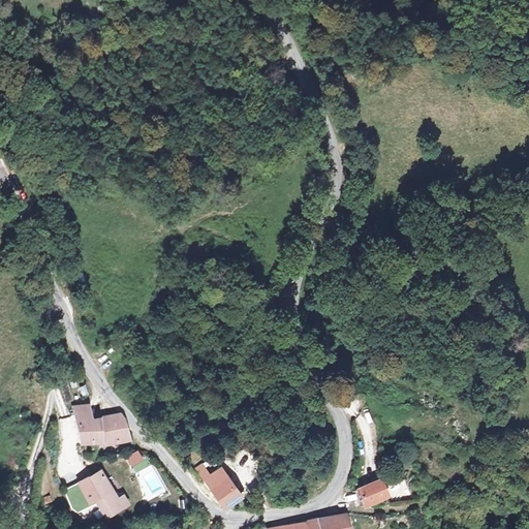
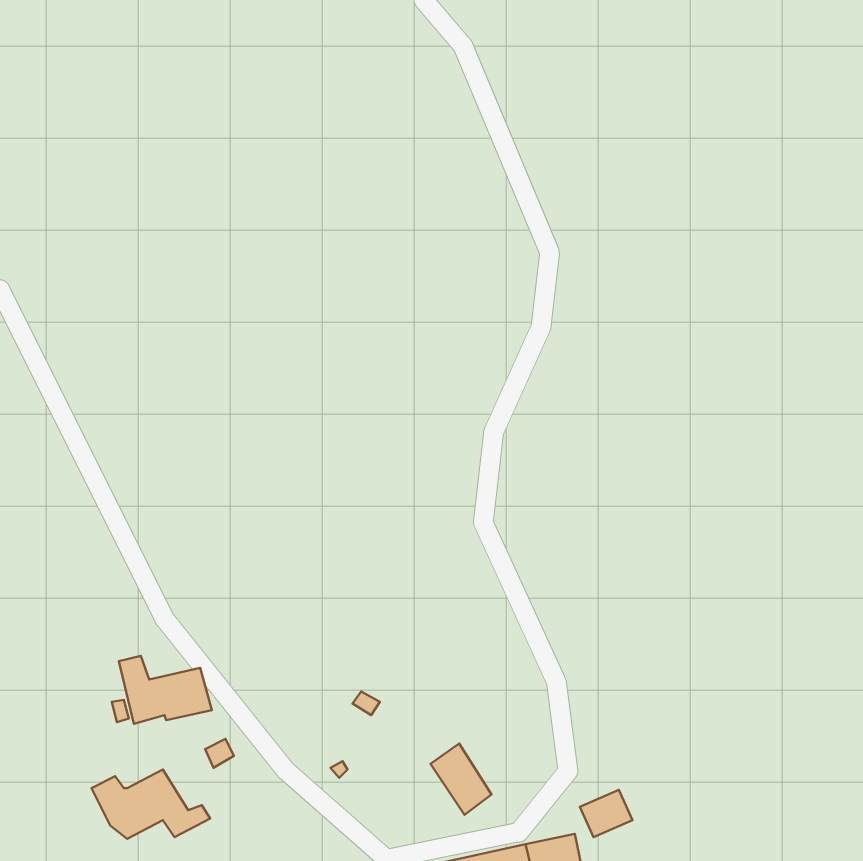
building: [207,470,244,514] -> [430,744,491,815]

